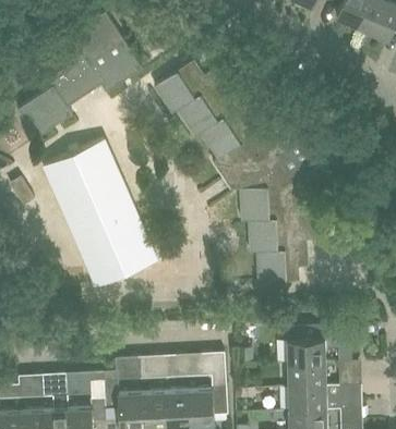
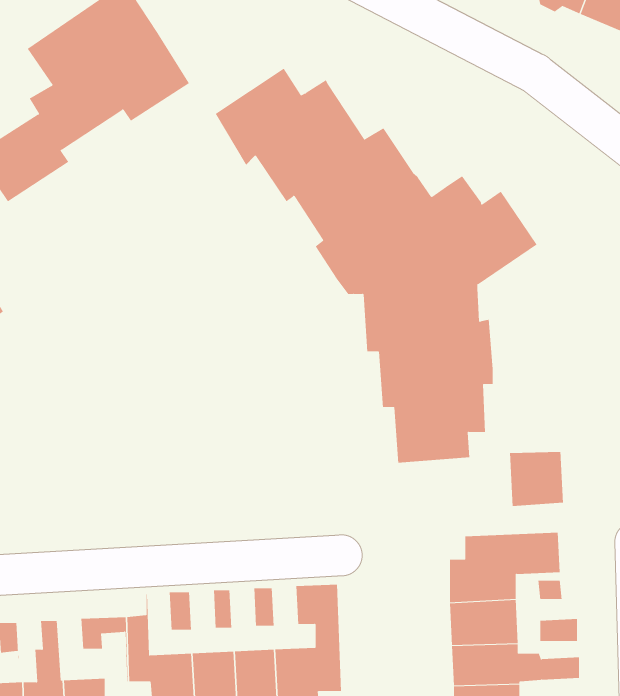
building: [41,139,157,287] -> none
building: none -> [510,451,563,507]

